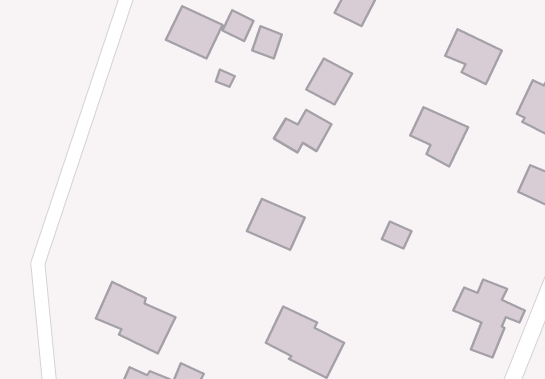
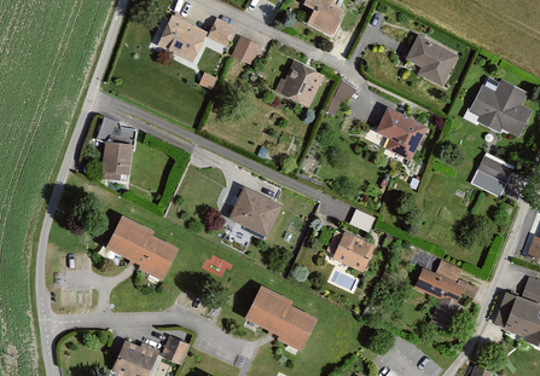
building: [274,110,332,153] -> none
building: none -> [95,117,135,175]
building: none -> [330,232,373,271]
building: [96,282,175,353] -> [106,215,178,279]

